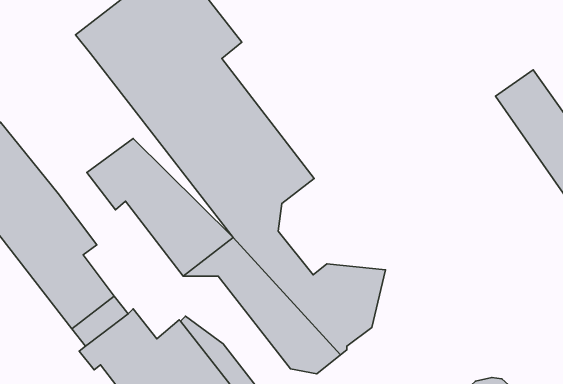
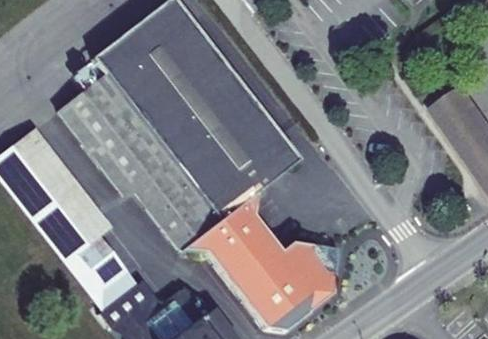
building: none -> [210,64,300,173]
building: none -> [56,73,219,220]

